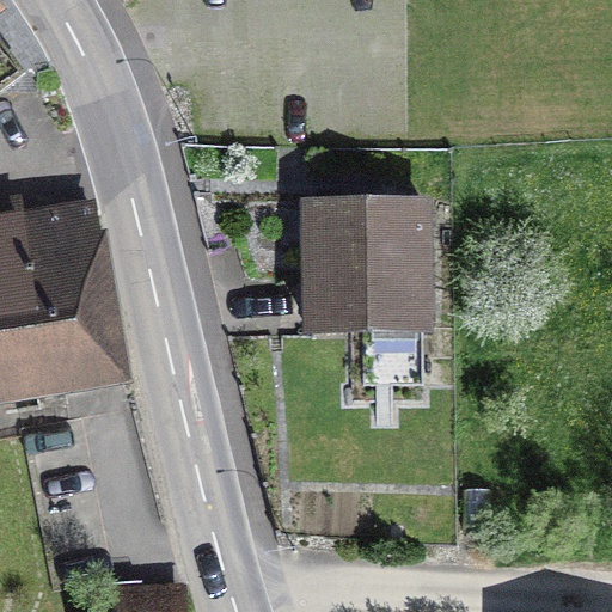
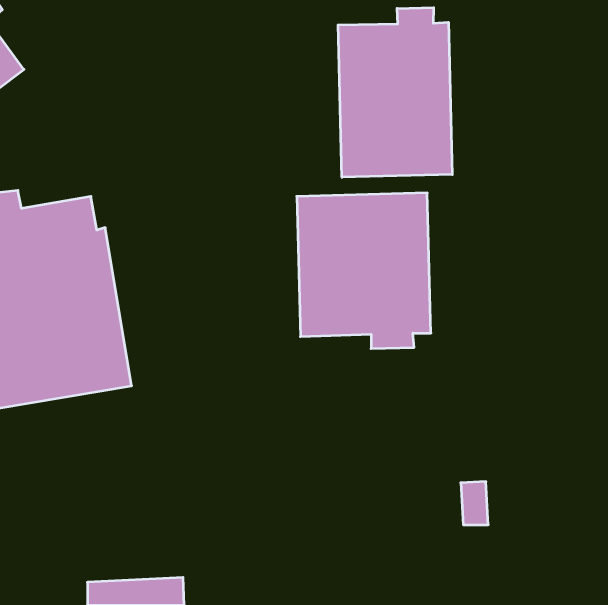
building: none -> [338,8,452,177]

